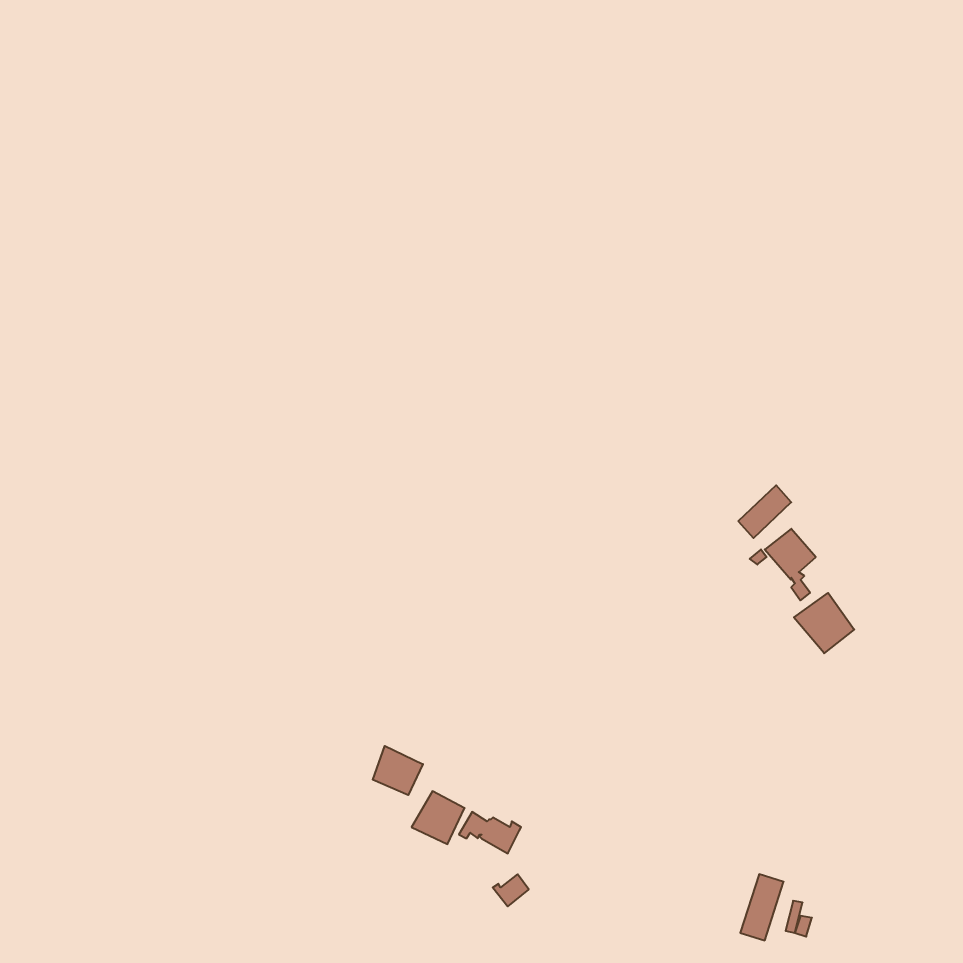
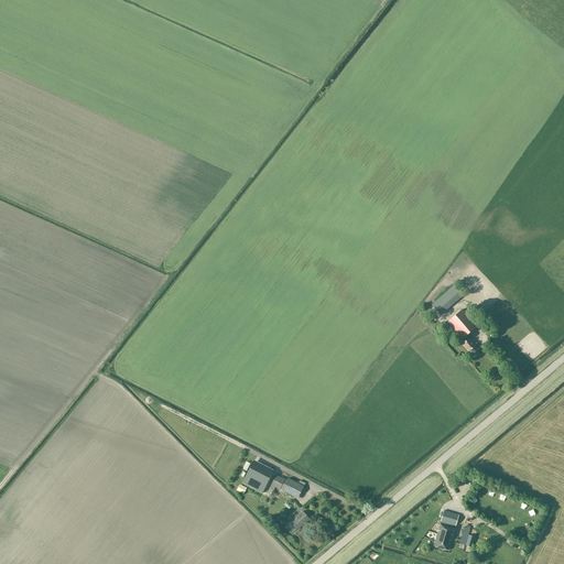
building: [794,593,854,653] -> none
building: [373,746,423,795] -> none

